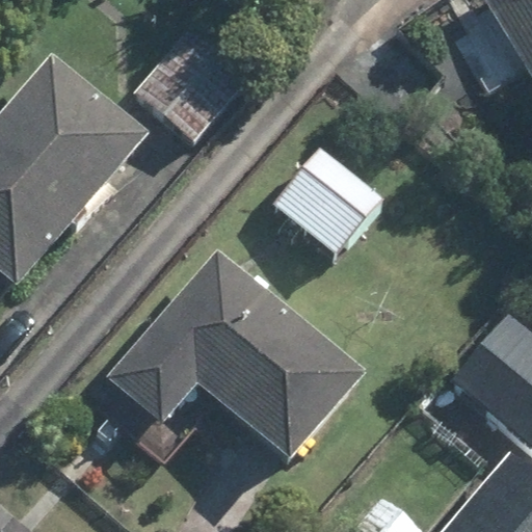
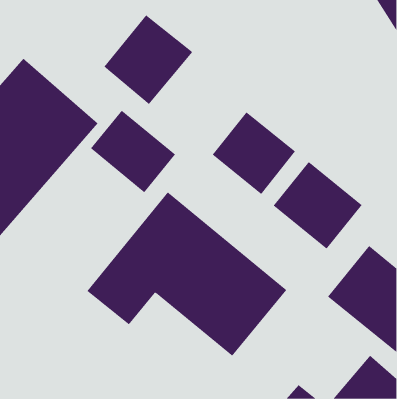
building: none -> [90,110,176,193]
building: none -> [273,161,362,249]

